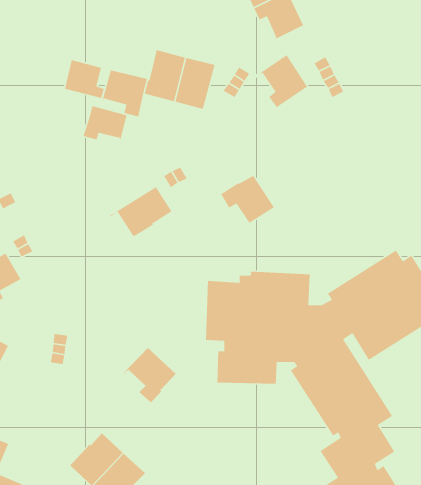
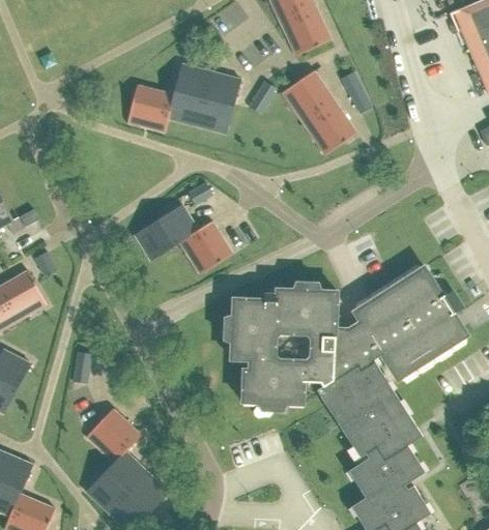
building: [64,59,110,99] -> none
building: none -> [303,102,357,156]
building: [83,105,127,146] -> none
building: [220,175,275,229] -> [177,222,233,276]
building: [121,347,176,403] -> [84,408,140,465]

